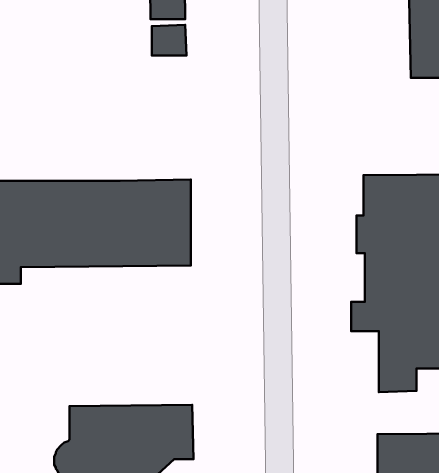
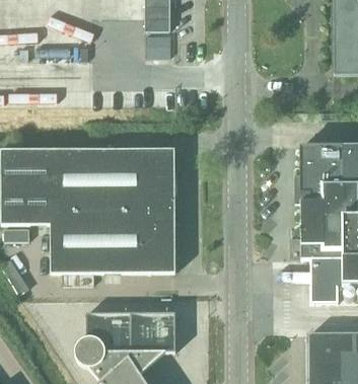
building: none -> [51,210,175,272]

